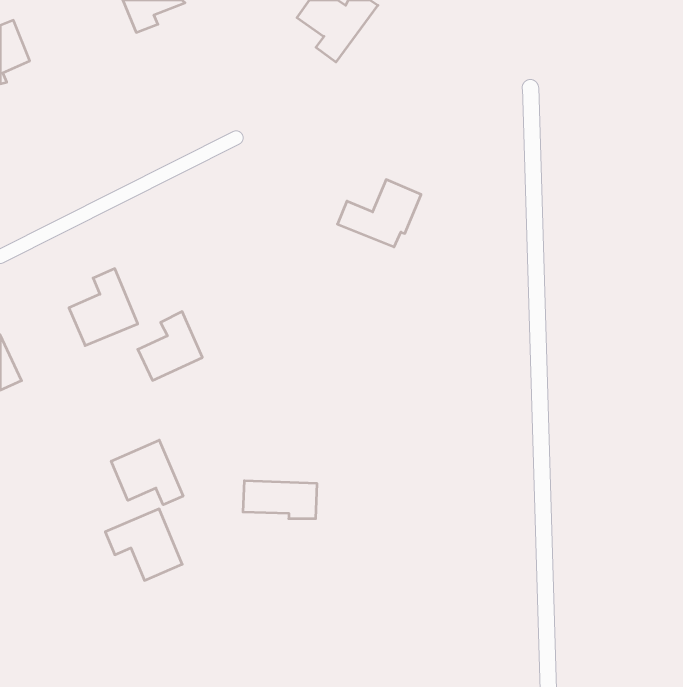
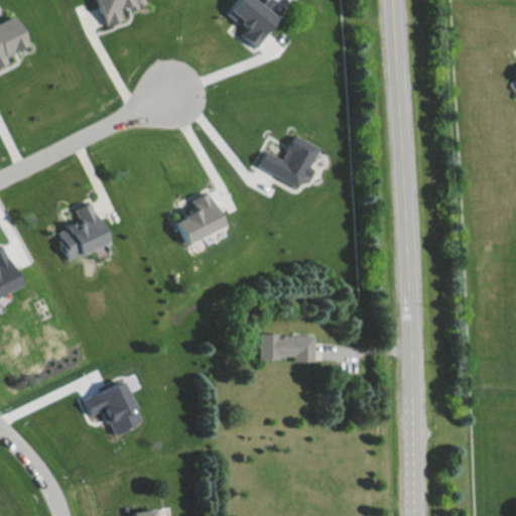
building: [138,312,202,380] -> [175,192,224,244]
building: [111,440,183,505] -> none
building: [243,481,317,519] -> [260,335,315,363]

